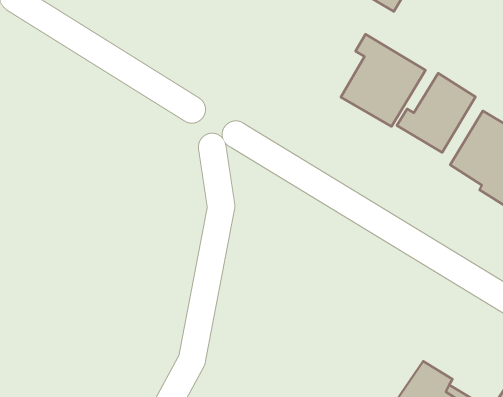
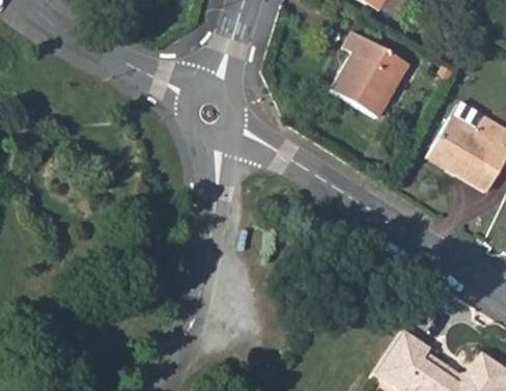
building: [397,73,476,152] -> none

